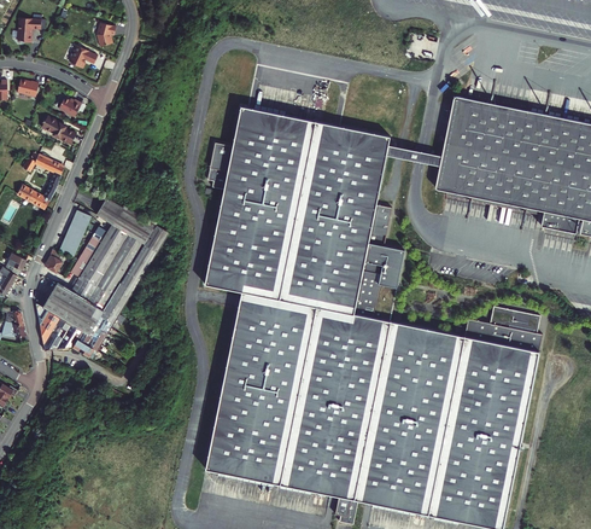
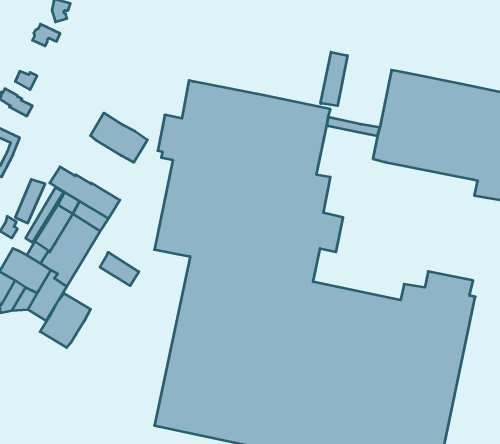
building: none -> [321,52,347,106]
building: none -> [90,113,147,162]
building: none -> [100,252,139,286]
building: none -> [40,293,91,348]

